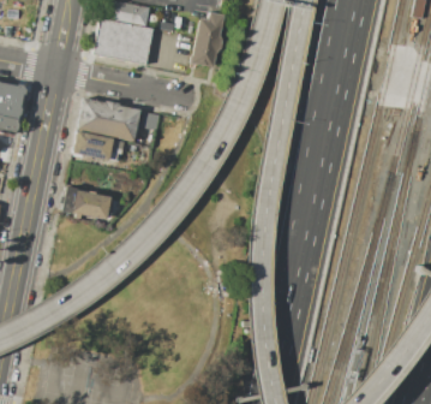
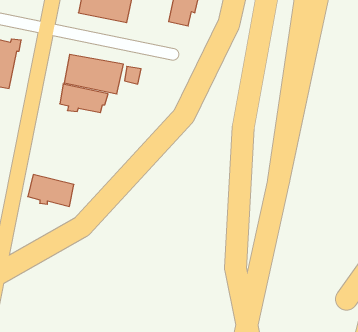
building: [60,185,110,220] -> [28,175,74,206]

